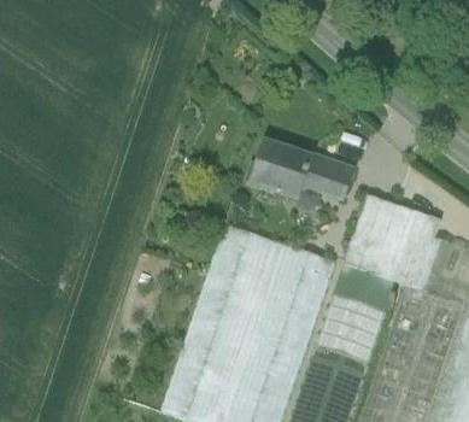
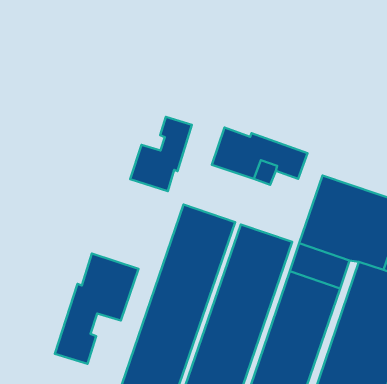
building: none -> [130,117,192,191]
building: none -> [55,253,139,364]

